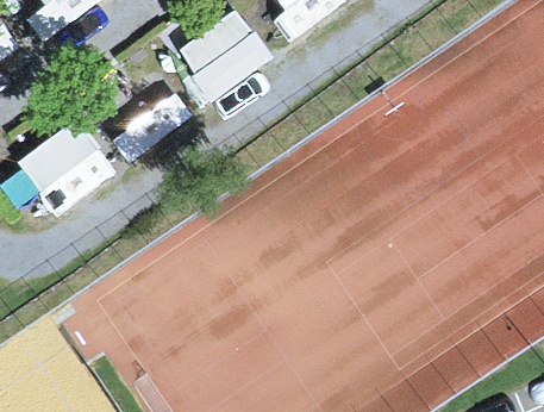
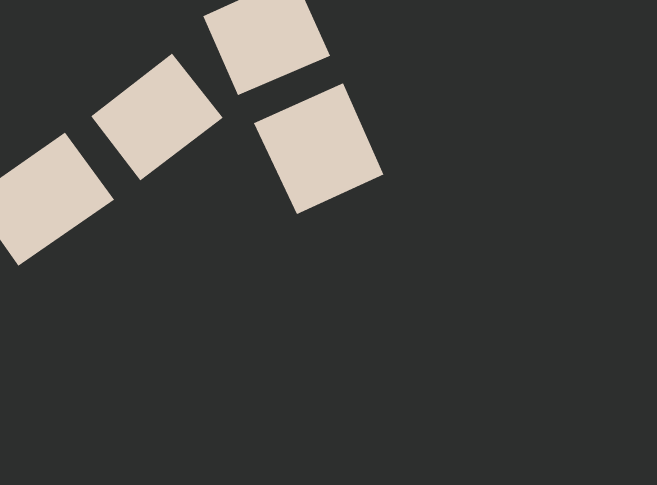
building: none -> [253,82,385,215]

